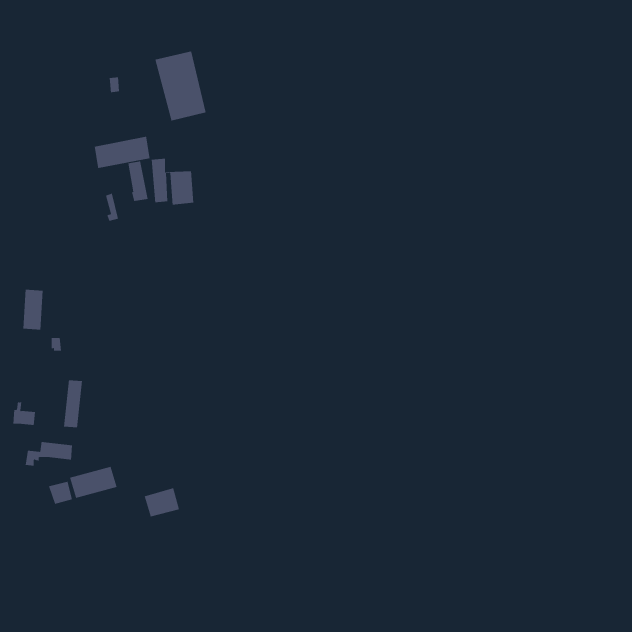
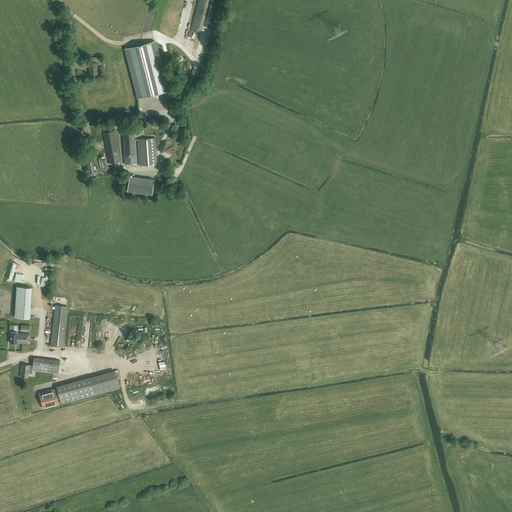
building: [94,136,150,169] -> none
building: none -> [128,178,154,197]
building: [22,289,44,330] -> [15,287,32,320]
building: [144,487,180,517] -> [90,370,119,394]

